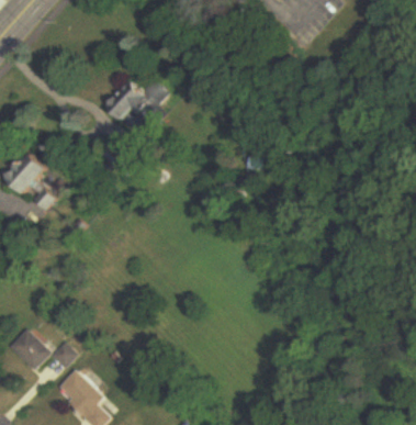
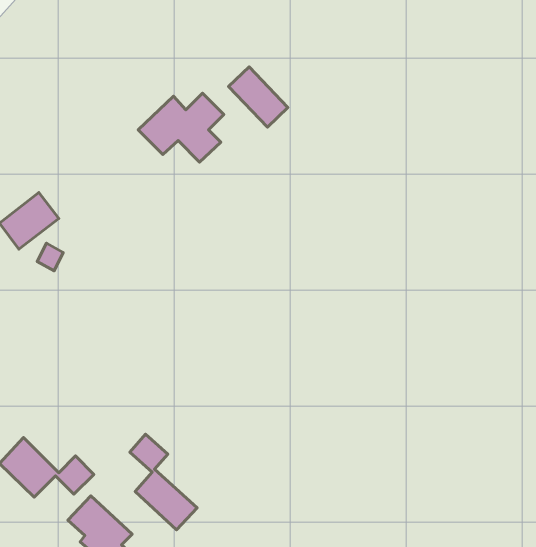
building: none -> [229,67,288,127]
building: none -> [130,434,197,530]

